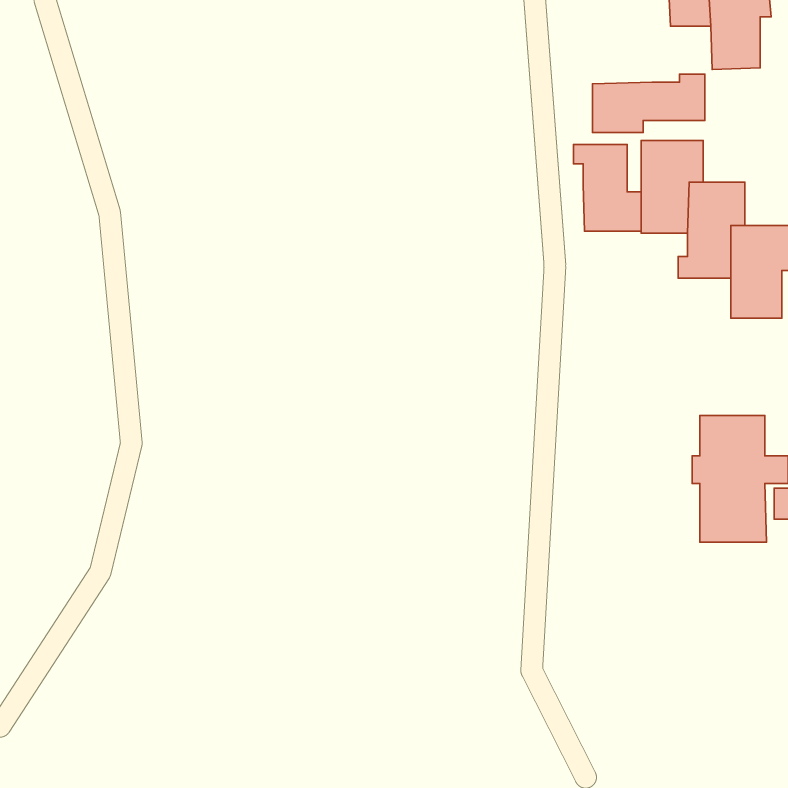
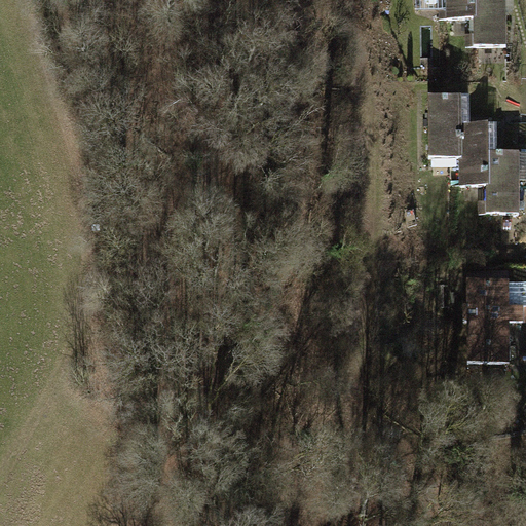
building: [592,74,705,133] -> none
building: [574,144,641,231] -> none

